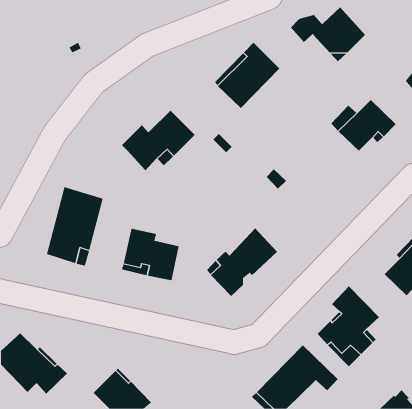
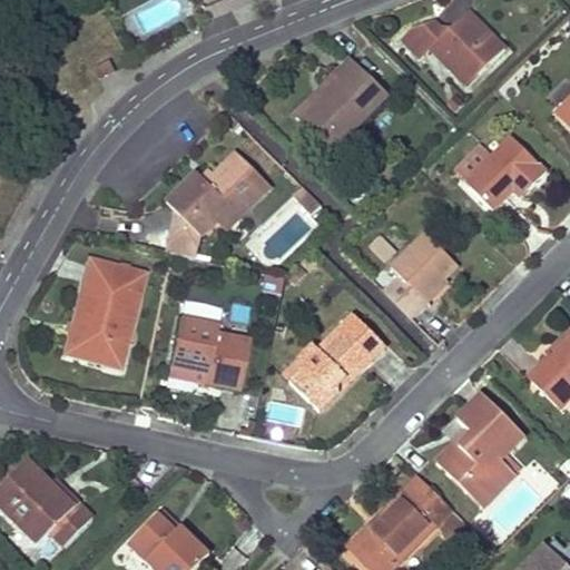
building: none -> [167,208,200,255]
building: none -> [385,233,458,315]

